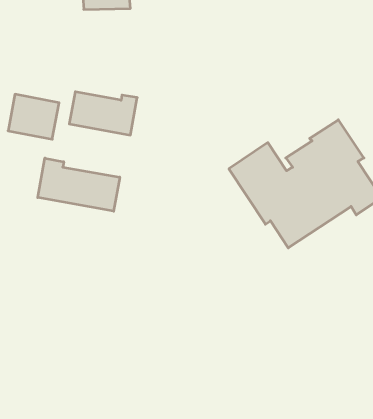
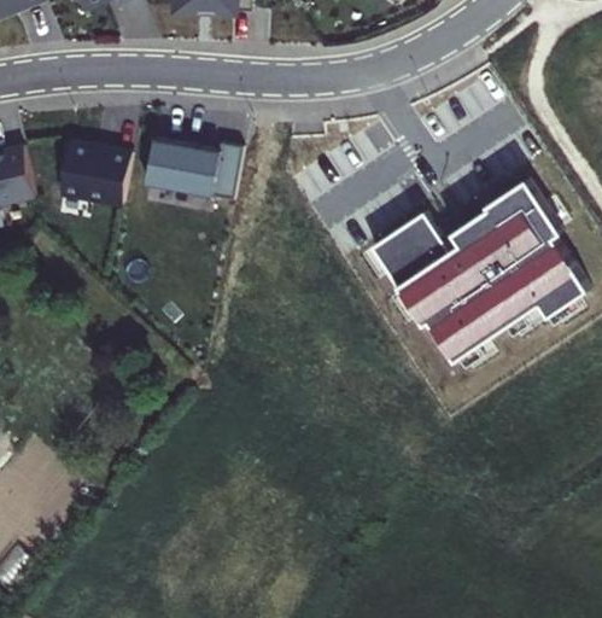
building: [38,158,120,211] -> none

